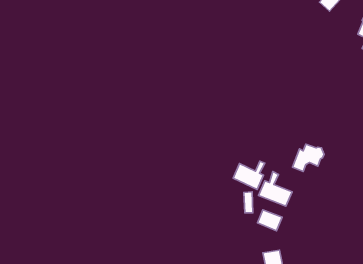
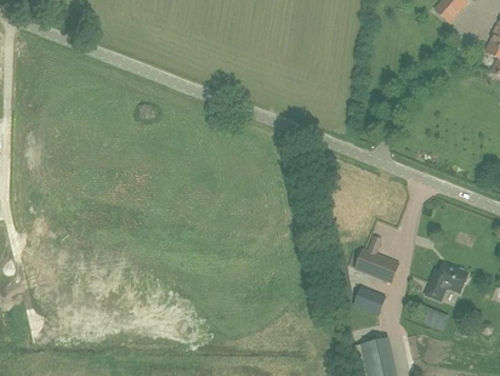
building: [292,144,324,172] -> [426,263,468,300]
building: [233,161,265,190] -> none

